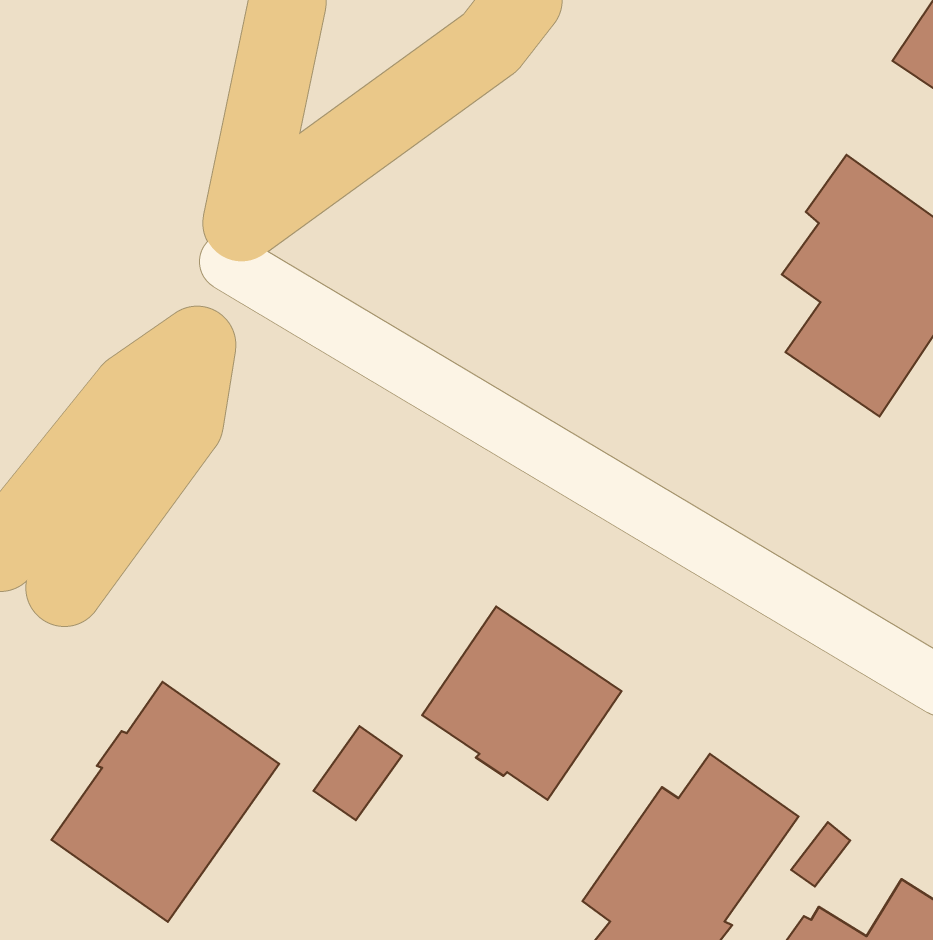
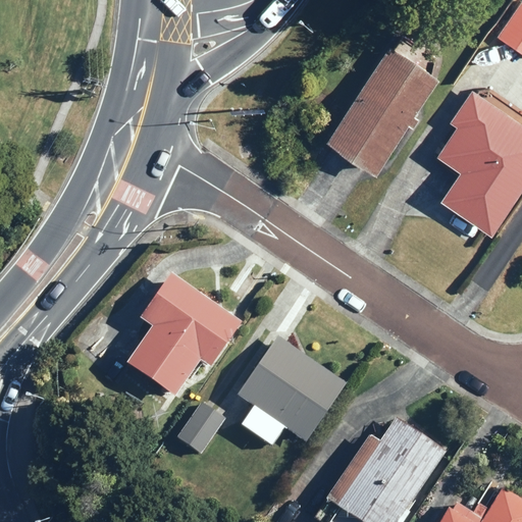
building: none -> [325,44,439,178]
building: none -> [125,272,242,397]
building: [51,682,279,922] -> none

